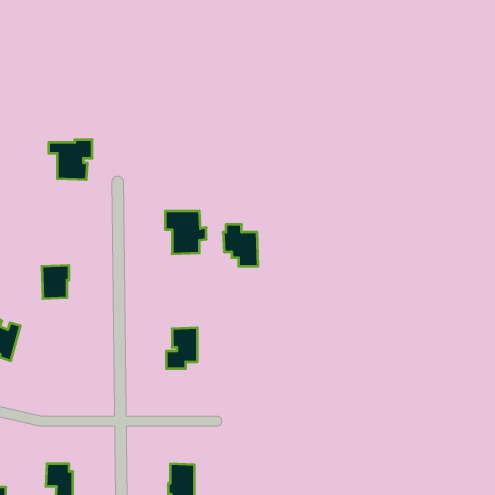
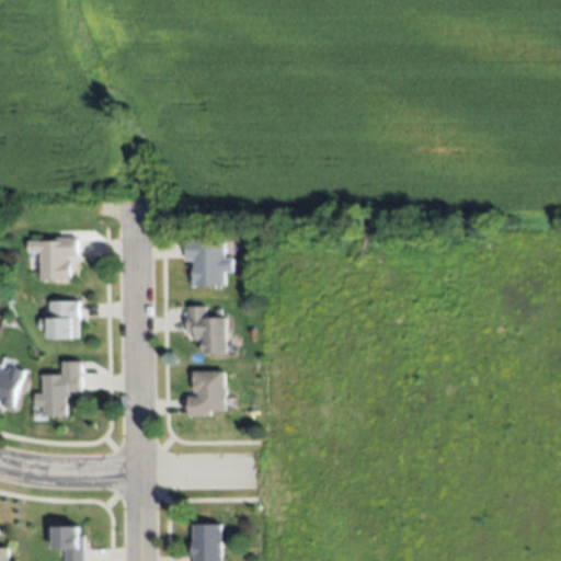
building: [49,140,92,180] -> [28,237,78,282]
building: [223,225,258,266] -> [185,307,225,354]
building: none -> [42,374,81,417]

